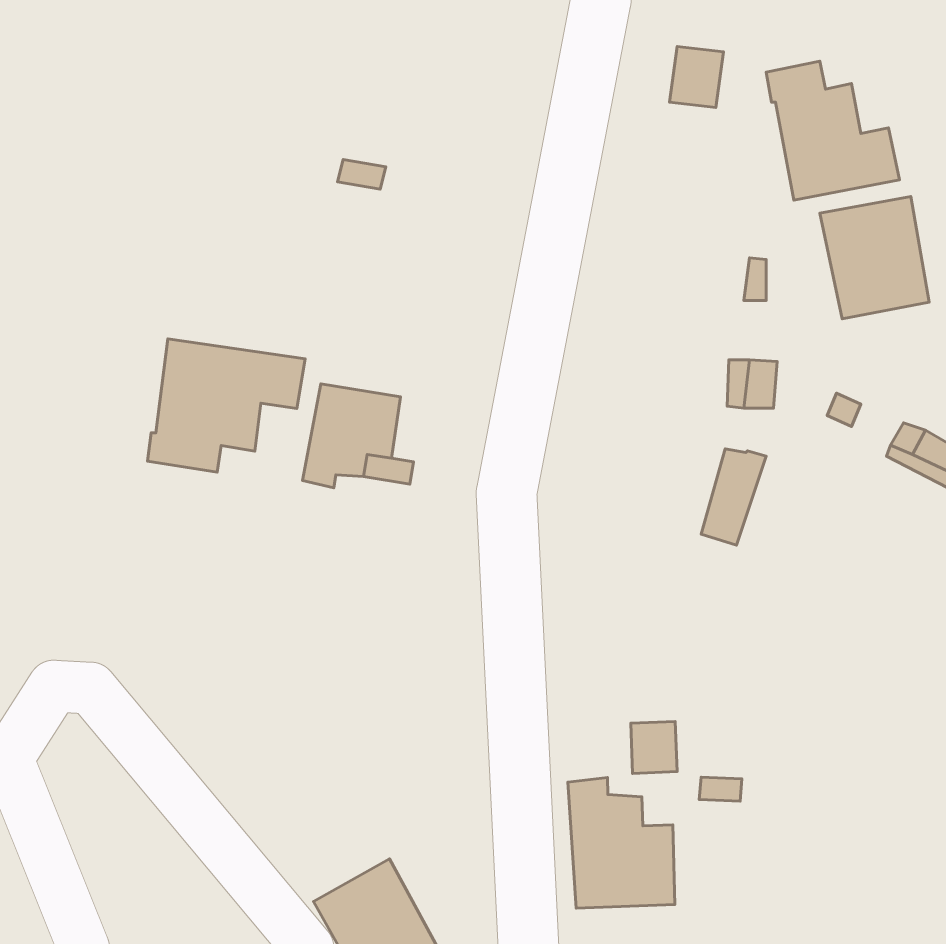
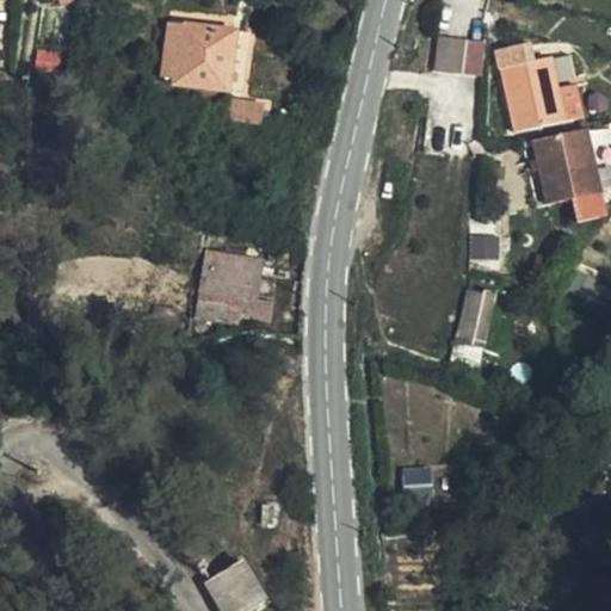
building: none -> [161,21,251,91]
building: [147,339,305,472] -> none
building: [568,778,675,908] -> none

